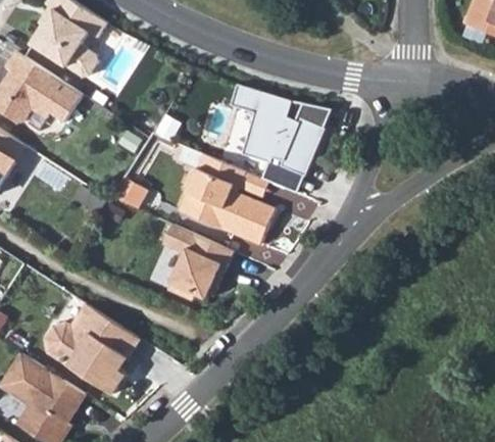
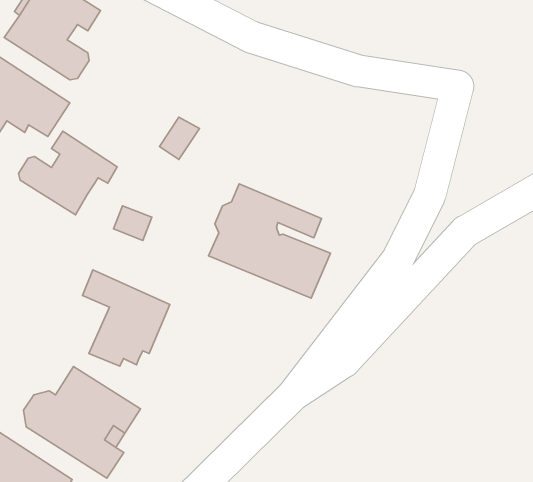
building: [231,85,325,176] -> none
building: none -> [19,131,117,215]
building: [162,224,232,300] -> [82,270,170,366]

